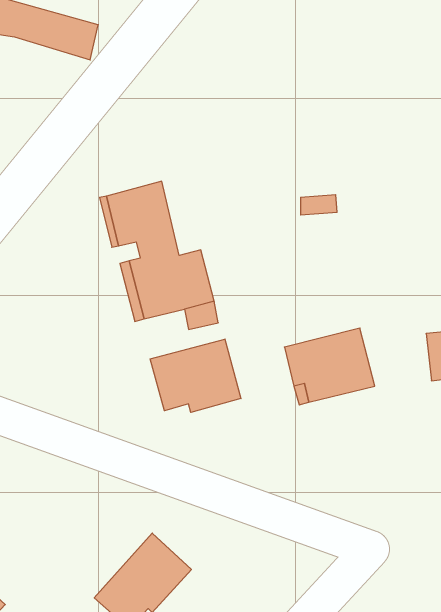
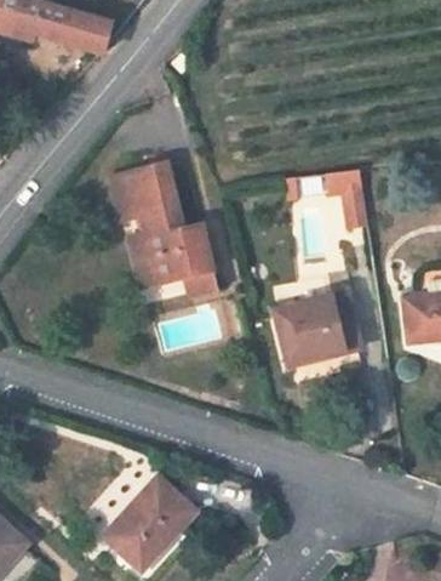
building: none -> [328,171,366,228]
building: [150,339,241,412] -> none

